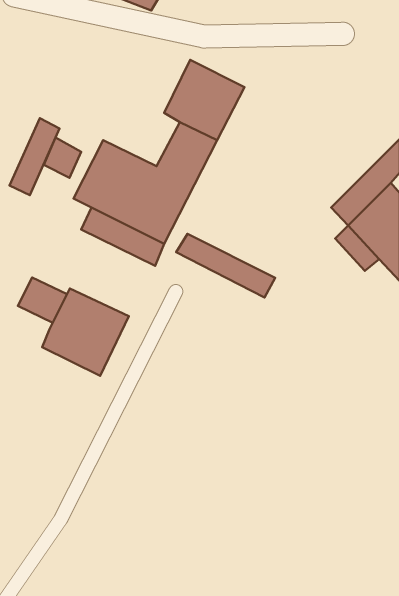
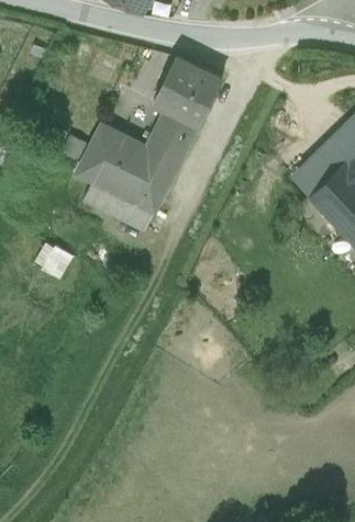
building: [9,118,59,195] -> none
building: [176,234,275,297] -> none
building: [42,289,129,376] -> none

